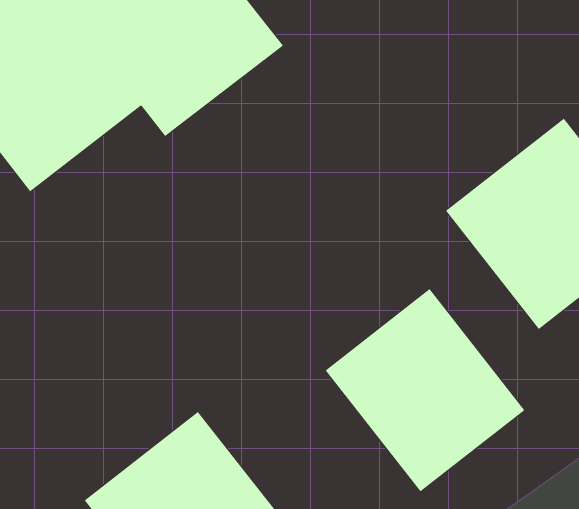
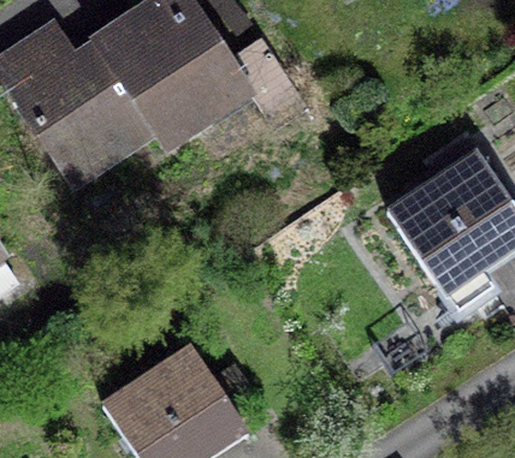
building: [325,288,525,492] -> none

